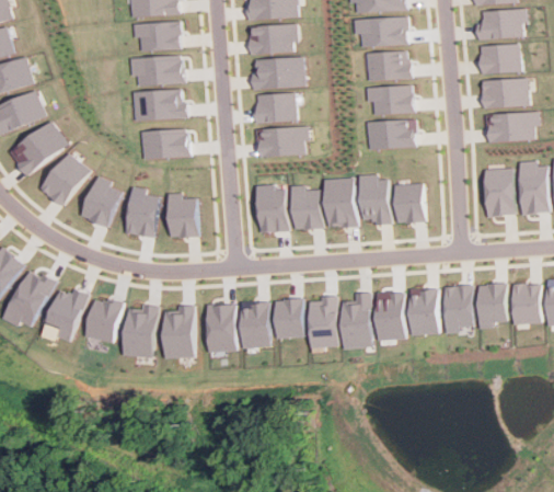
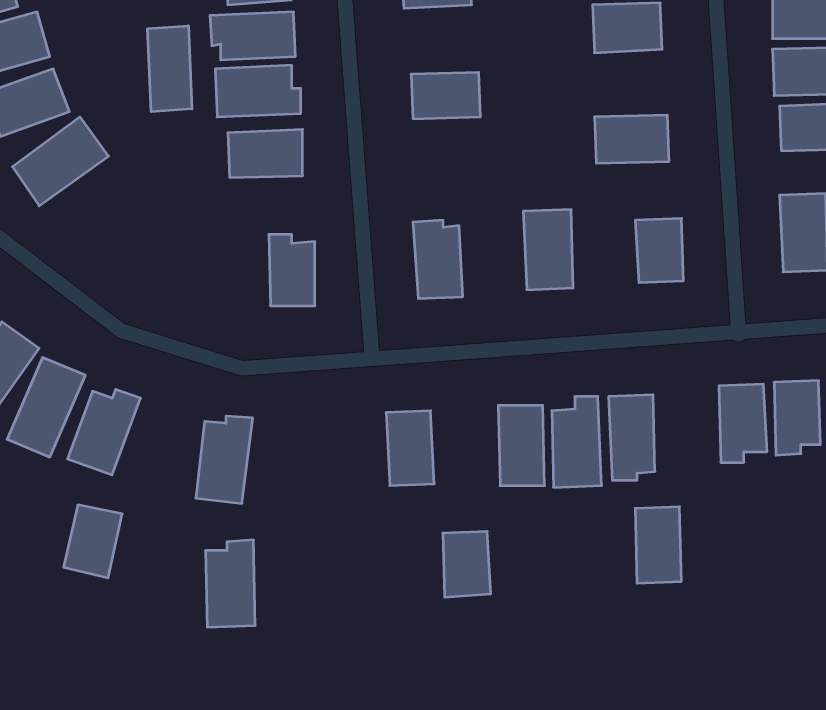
building: [254,57,304,89] -> none
building: none -> [148,26,192,112]
building: [367,85,413,115] -> none
building: [256,126,309,156] -> none
building: [42,152,91,205] -> none
building: [359,174,389,225] -> none
building: [81,175,120,227] -> none
building: [290,185,322,230] -> none
building: [125,193,159,237] -> none
building: [411,287,439,334] -> [635,507,681,583]
building: [85,298,122,343] -> [64,505,122,578]
building: [274,298,303,339] -> [443,531,491,597]
building: [206,304,235,352] -> none
building: [163,305,194,358] -> [205,540,255,627]

